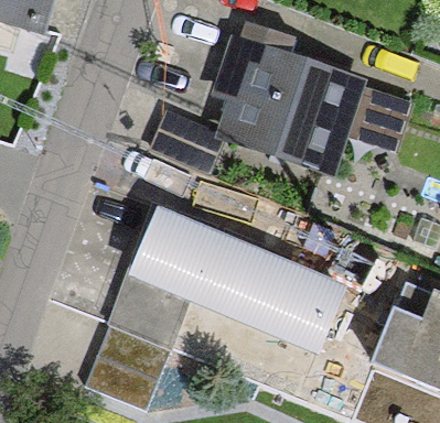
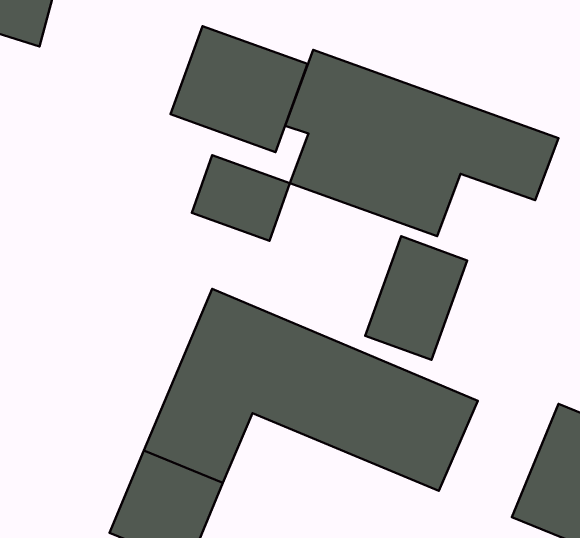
building: none -> [171,26,308,152]
building: none -> [365,236,467,360]

